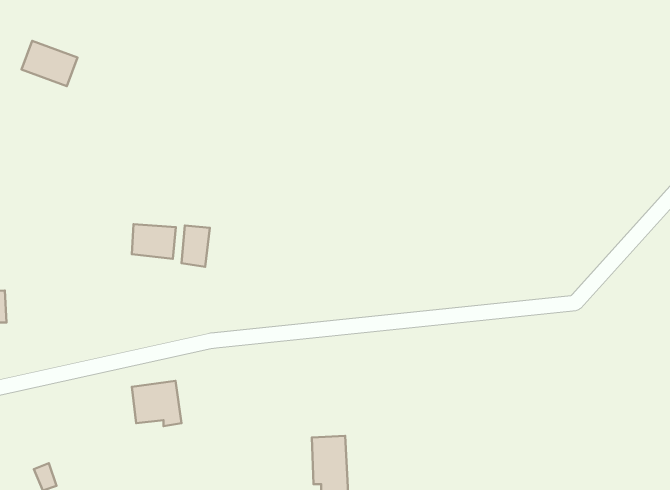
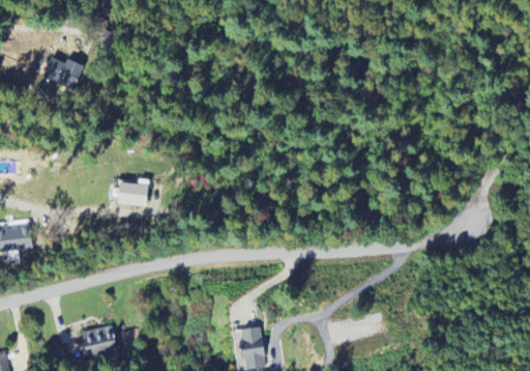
building: [182,226,210,267] -> none
building: [132,381,182,426] -> [82,325,116,356]

